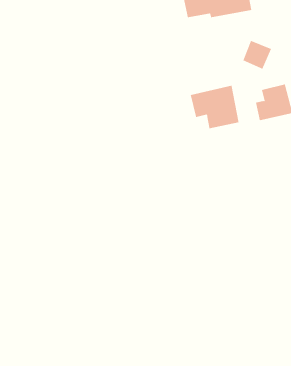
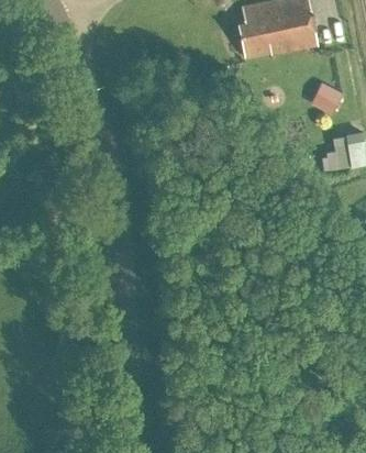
building: [190,85,239,129] -> none

